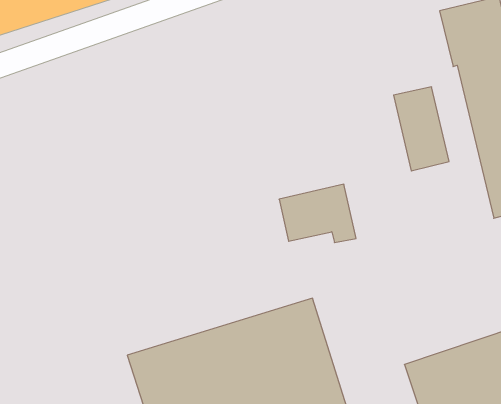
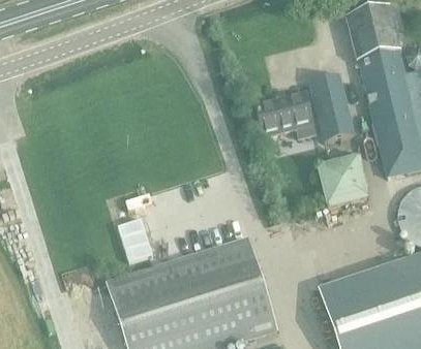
building: [279,184,356,243] -> [258,93,317,137]
building: none -> [319,157,369,204]

